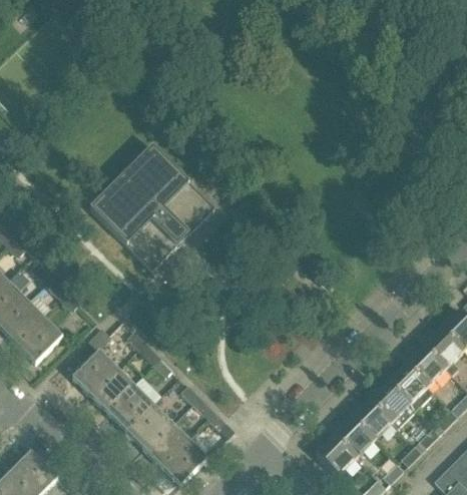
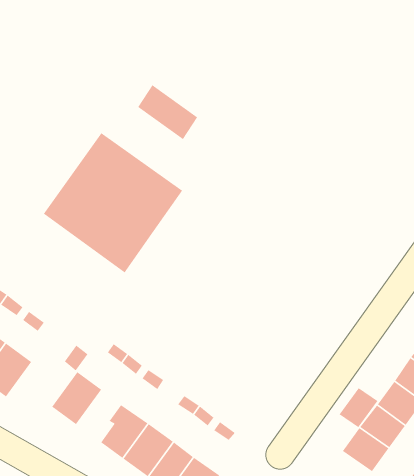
building: none -> [137,84,198,140]
building: [91,369,132,414] -> none
building: none -> [339,387,378,428]

